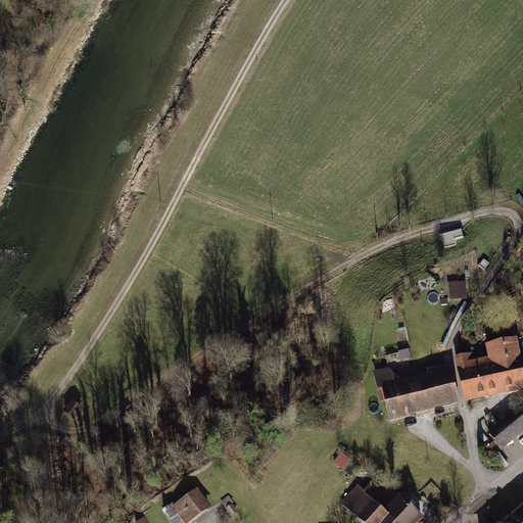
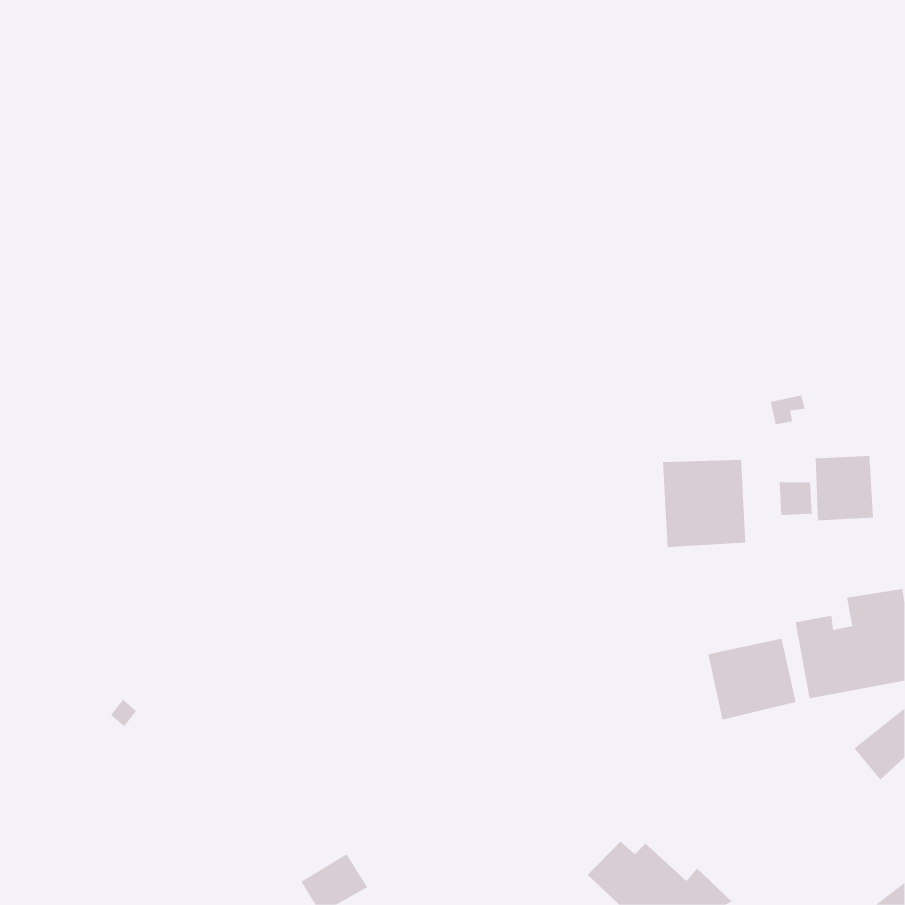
building: none -> [815,455,874,521]
building: none -> [662,459,746,548]
building: [374,368,415,419] -> none

